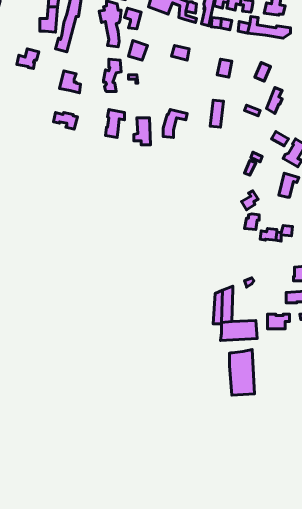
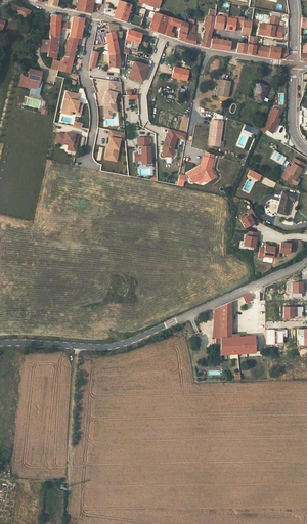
building: none -> [187,152,215,182]
building: [229,349,255,395] -> none

